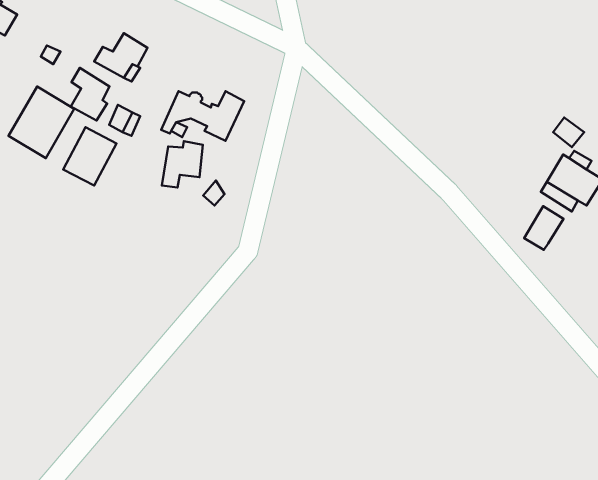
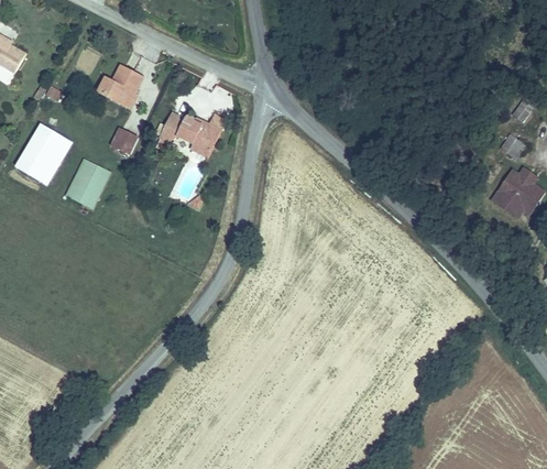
building: [71,68,110,120] -> none
building: [162,141,203,187] -> none
building: [524,206,563,250] -> none

